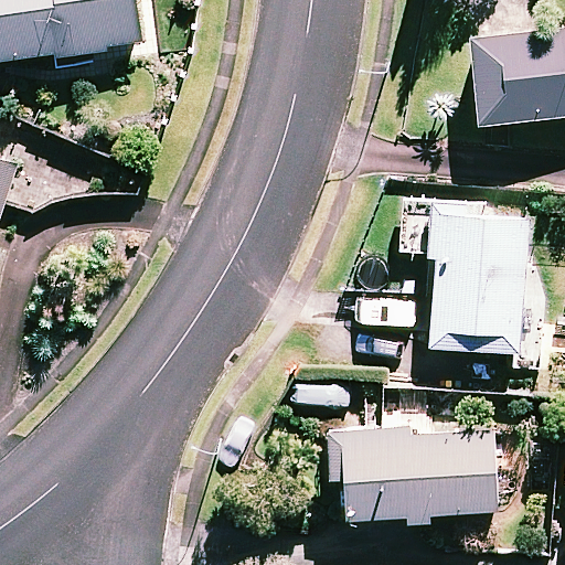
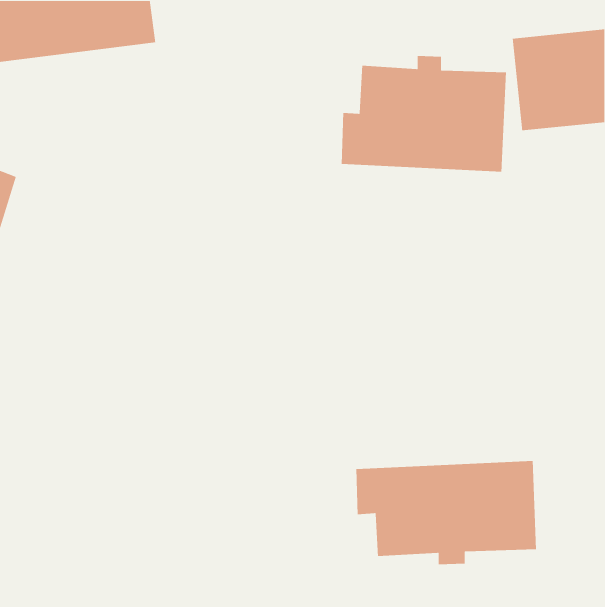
building: none -> [341,55,507,173]
building: [404,202,526,352] -> none

